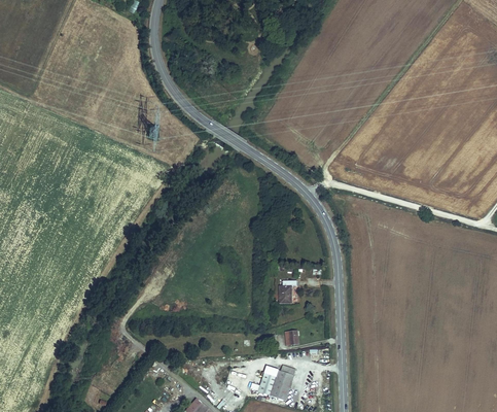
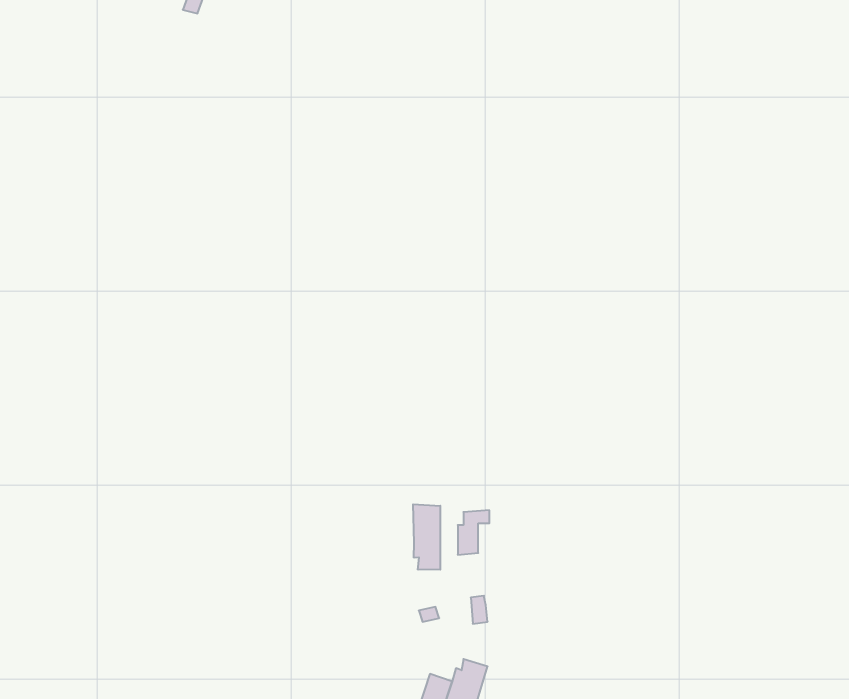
building: none -> [413,504,440,570]

